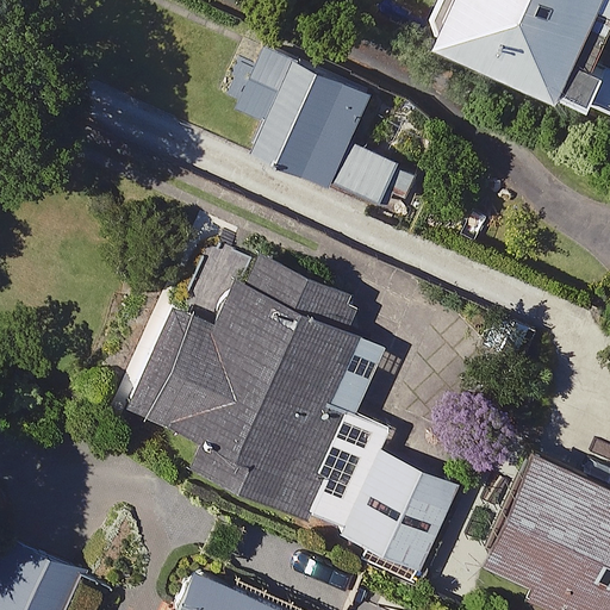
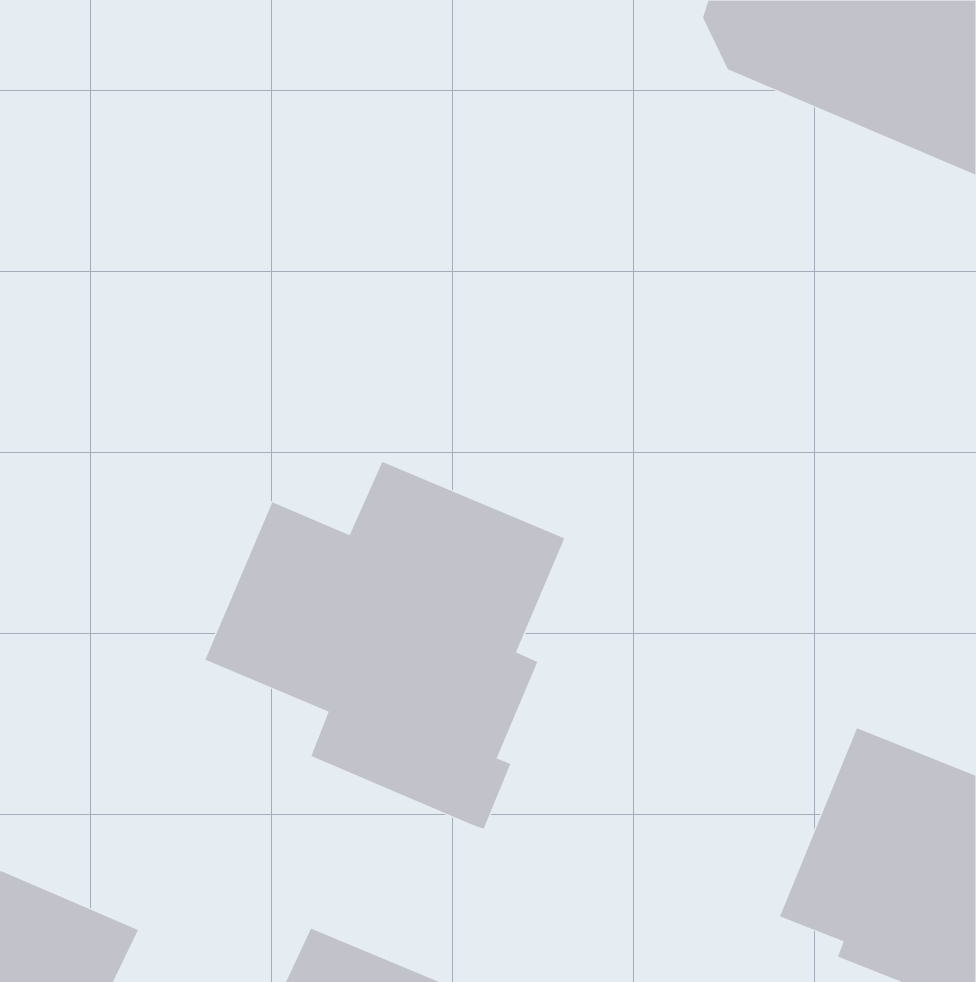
building: [219,48,422,205] -> none
building: [338,447,460,573] -> none

